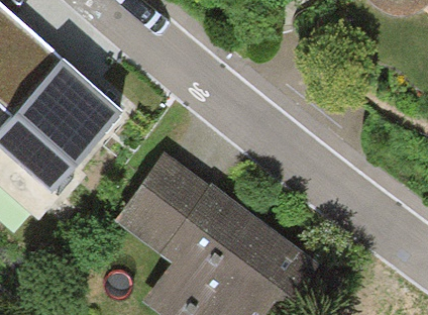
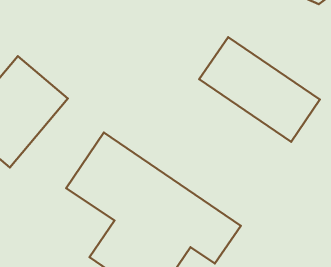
building: none -> [199,37,320,142]

